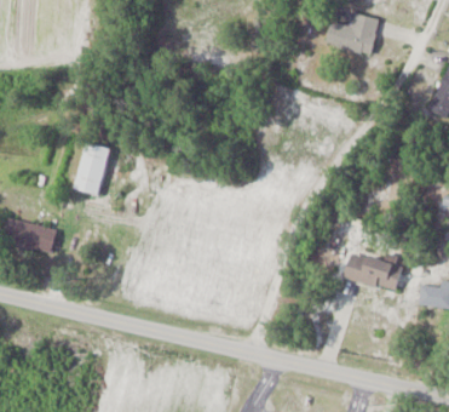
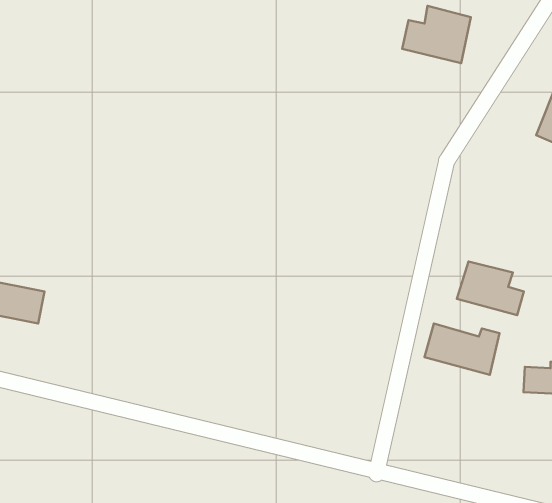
building: [75,142,109,195] -> none
building: none -> [457,261,524,315]

